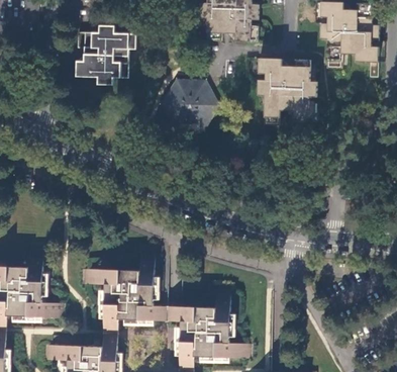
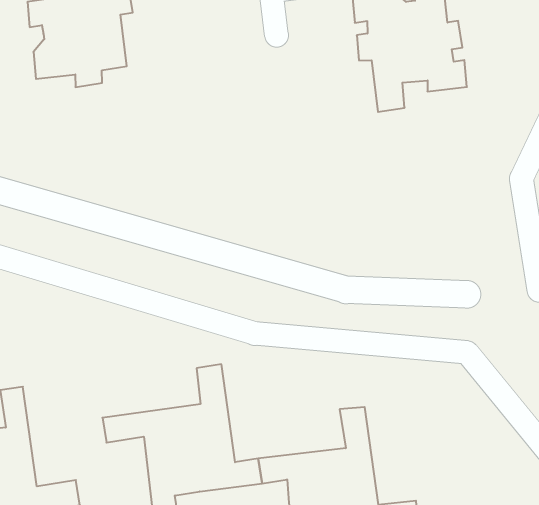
building: [160,79,217,130] -> none

